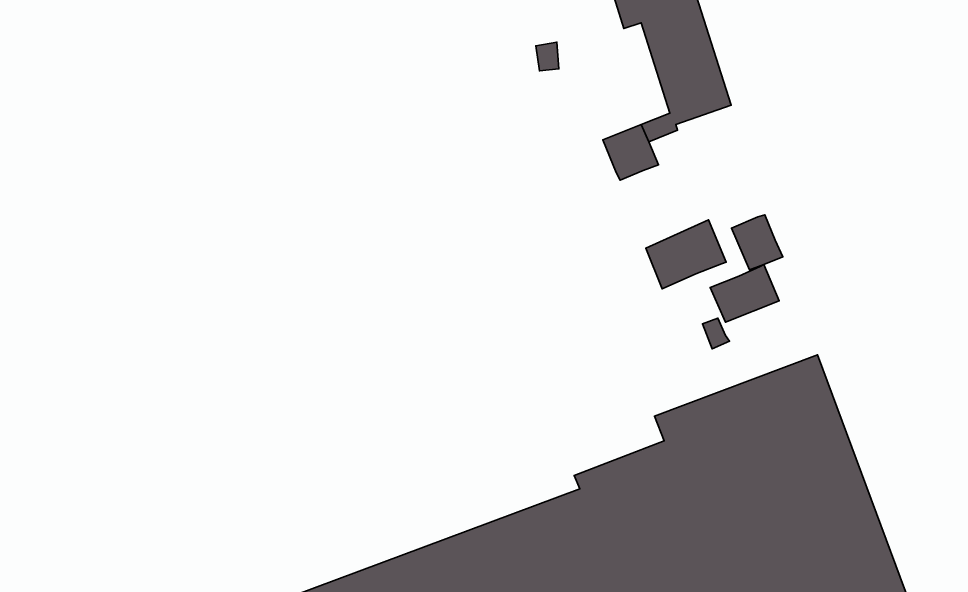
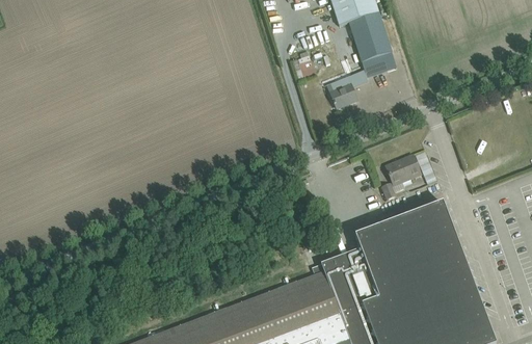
building: [731,215,783,270] -> none
building: [646,220,726,289] -> none

